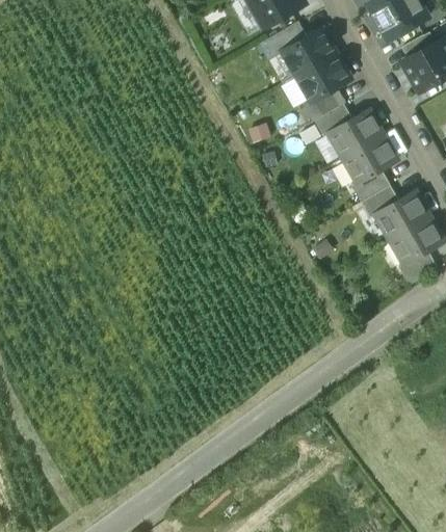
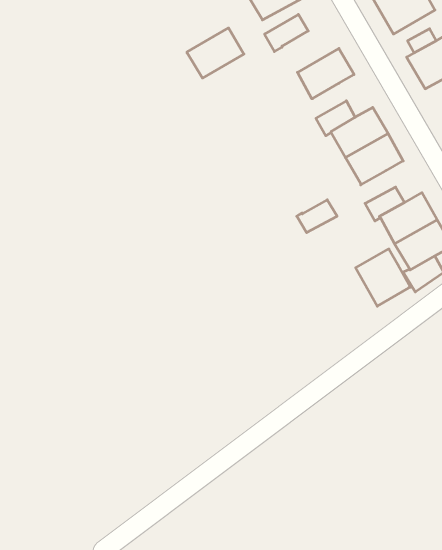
building: [281,28,335,76] -> [187,28,244,78]
building: [301,86,344,121] -> none
building: [350,169,389,201] -> [297,200,337,233]
building: none -> [356,249,411,306]

